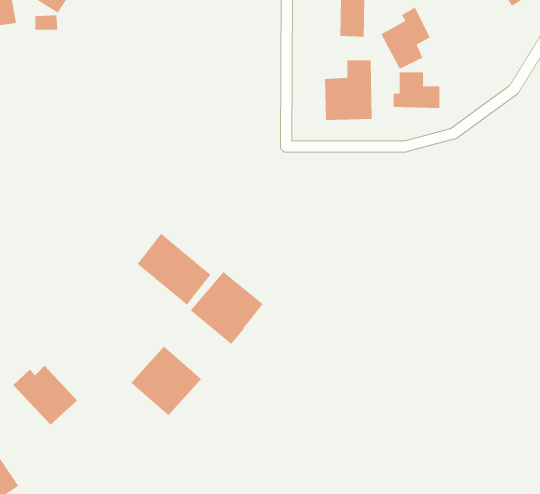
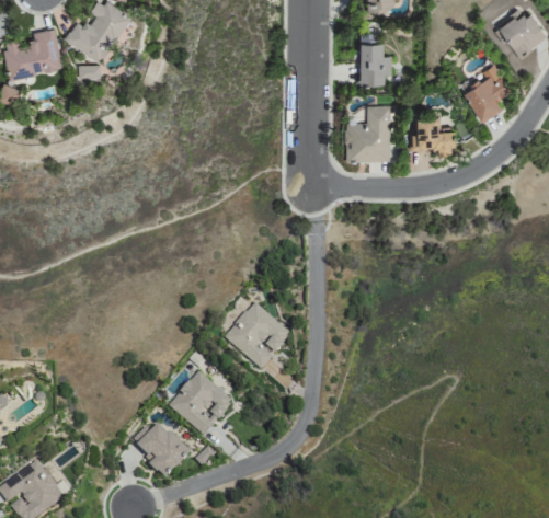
building: [381,7,430,70] -> [464,65,510,123]
building: [137,233,211,305] -> none
building: [12,365,78,425] -> [129,422,190,477]

